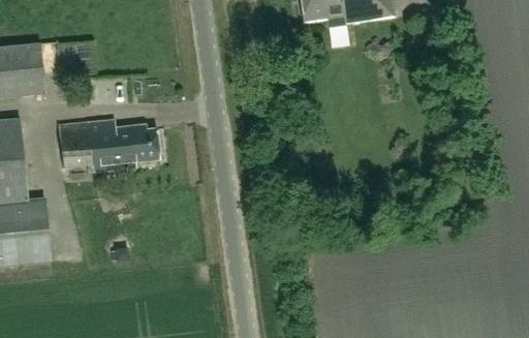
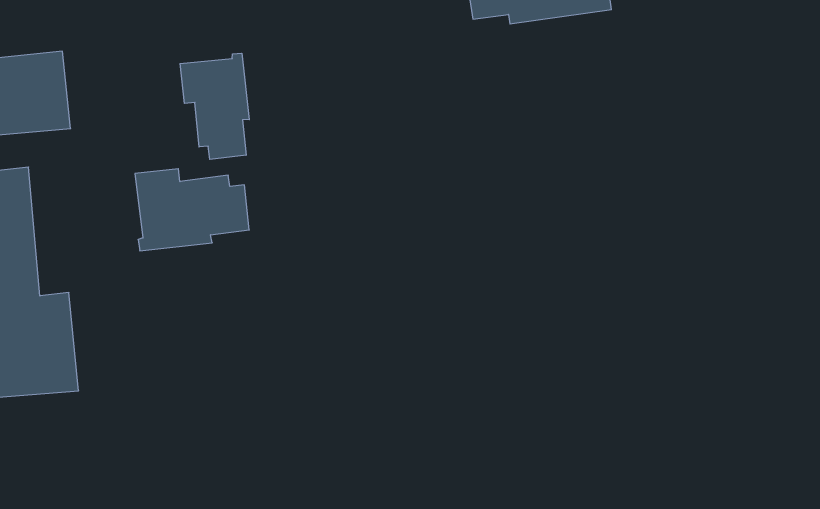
building: none -> [180,53,249,159]
building: [59,121,92,166] -> none

